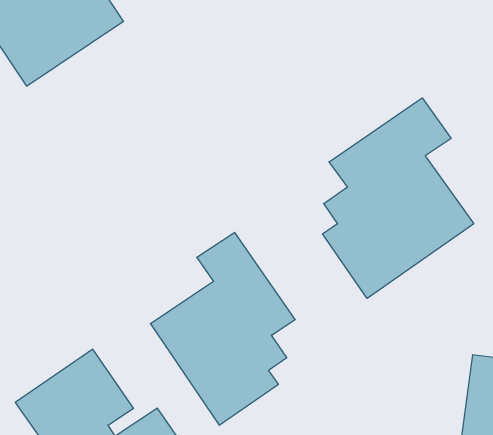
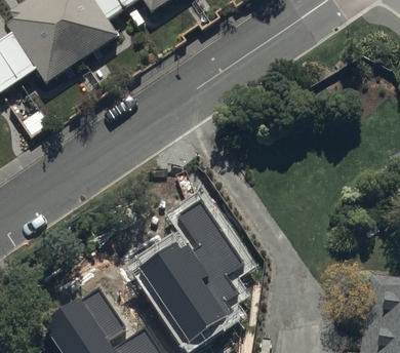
building: [323,98,474,298] -> none

